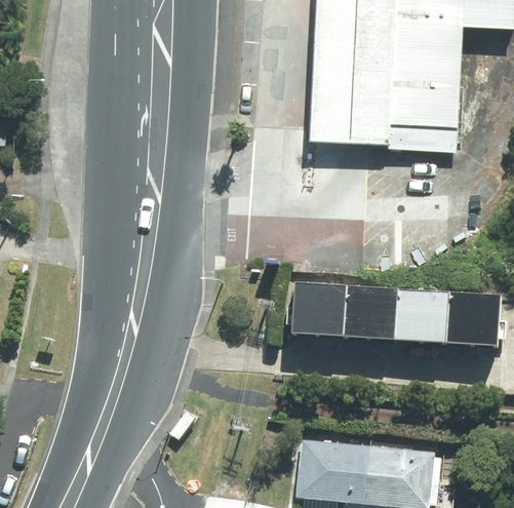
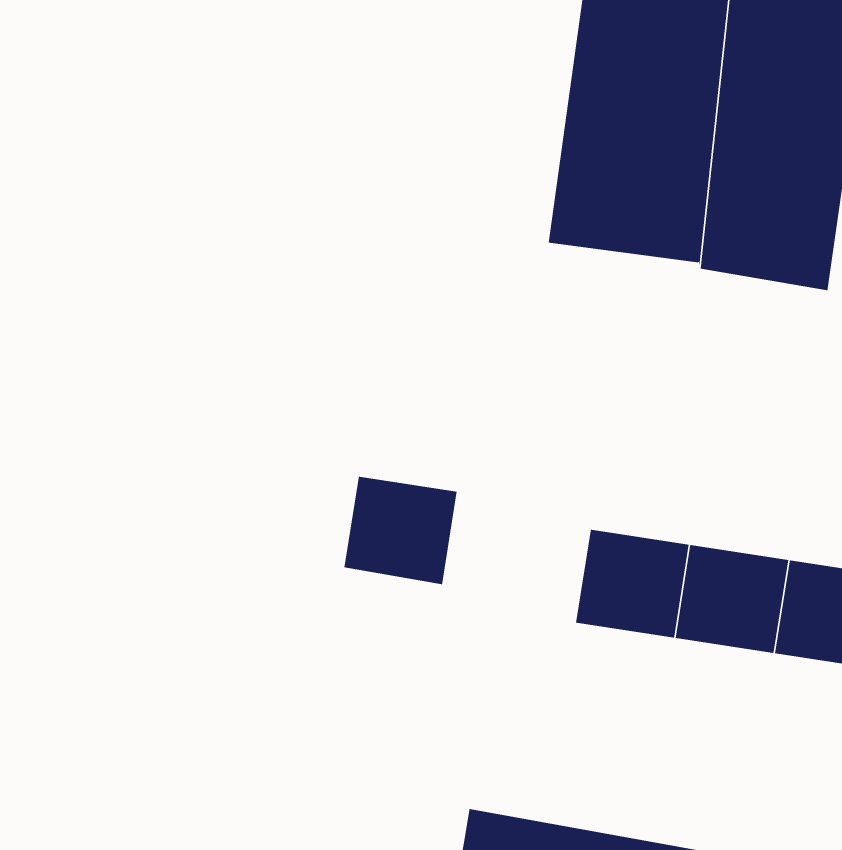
building: [290,284,346,337] -> [344,476,458,585]

